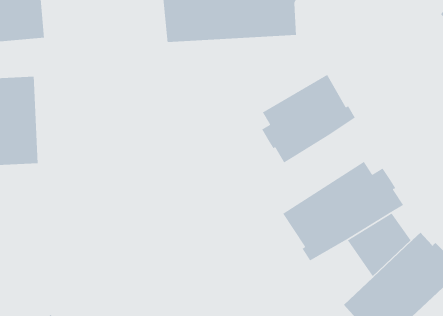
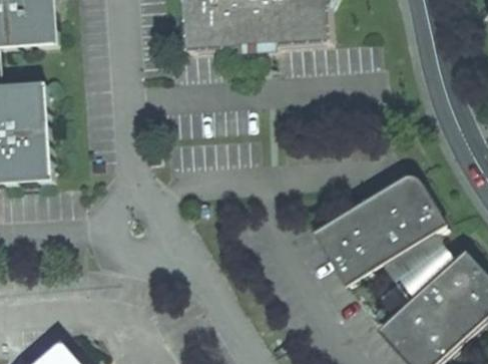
building: [261,74,356,163] -> none

